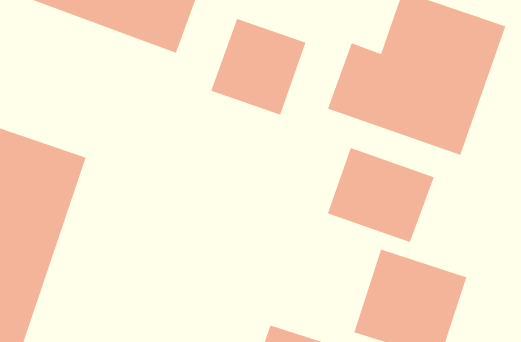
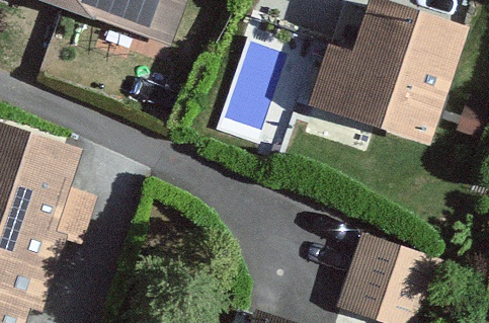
building: [210,18,306,116] -> none
building: [327,147,434,243] -> none

